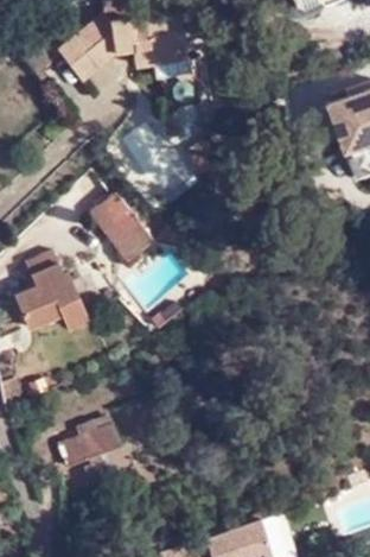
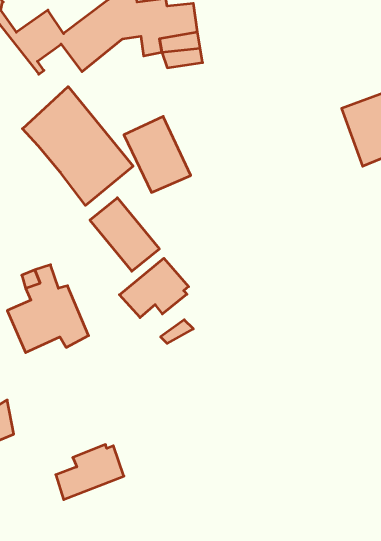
building: none -> [22,87,133,205]
building: none -> [119,258,189,318]

